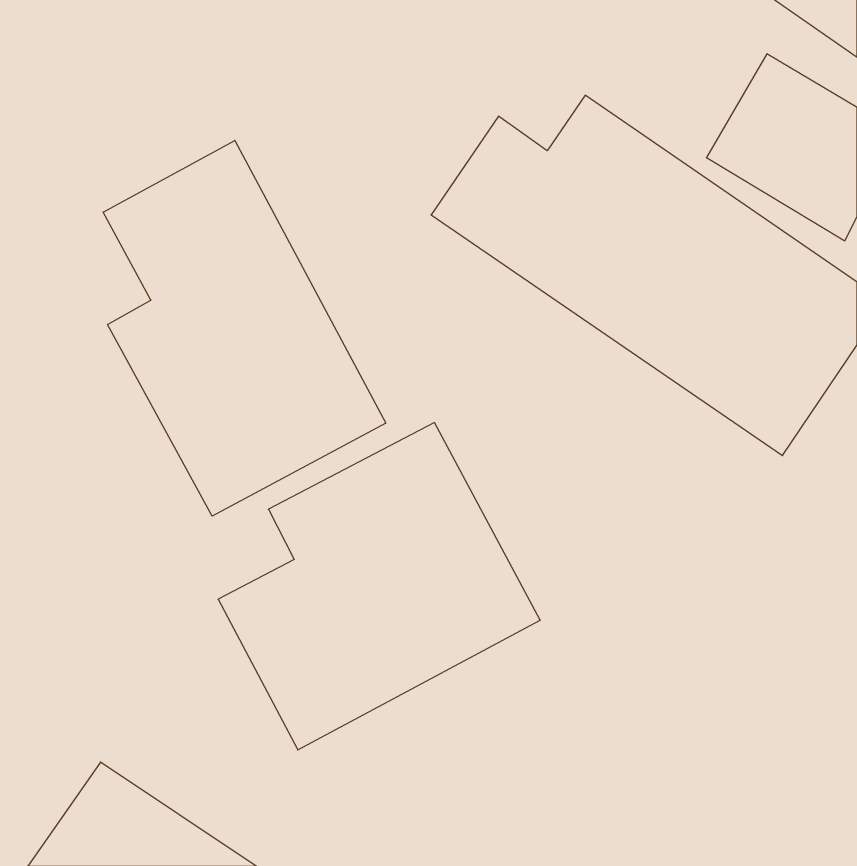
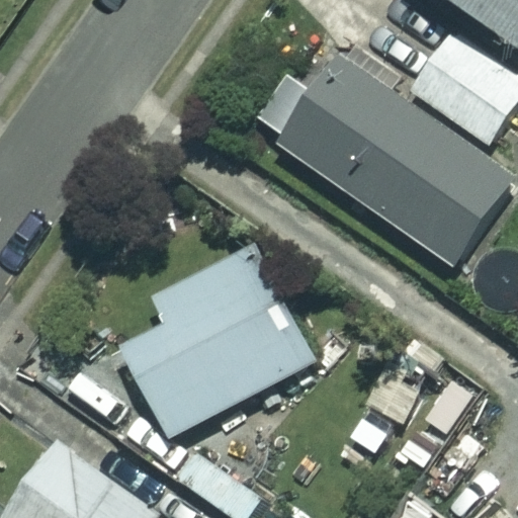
building: [103,140,386,516] -> none

